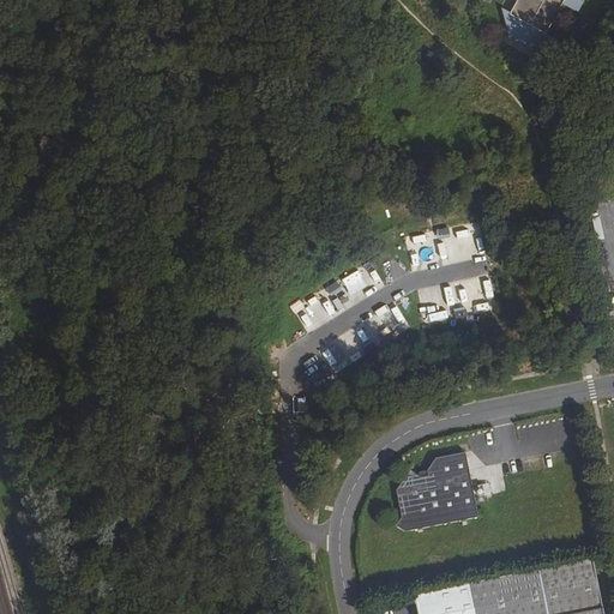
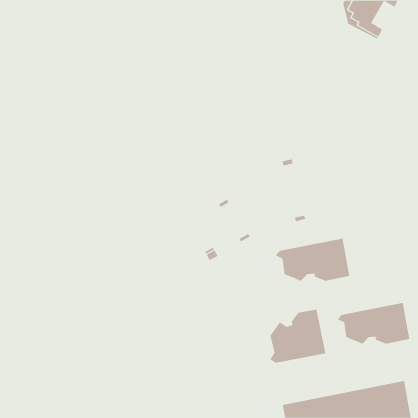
building: none -> [275,238,350,282]
building: none -> [337,302,410,344]

